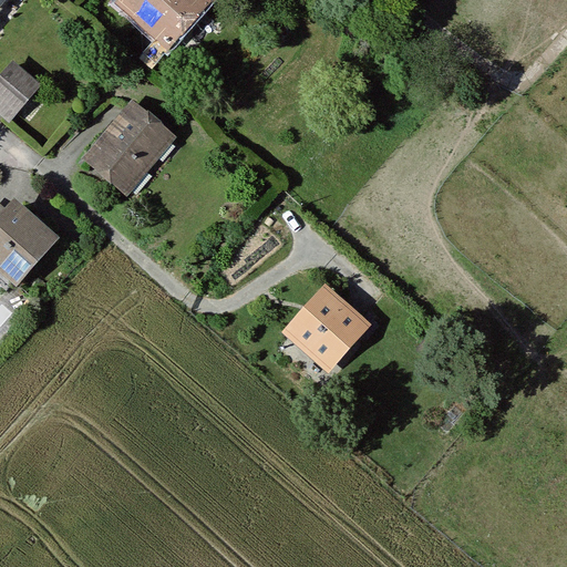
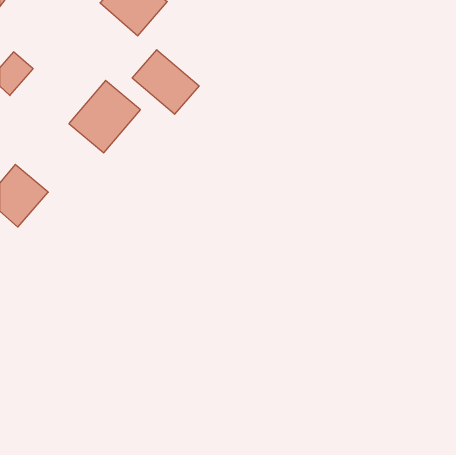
building: none -> [132,50,199,114]
building: [286,285,369,368] -> none

